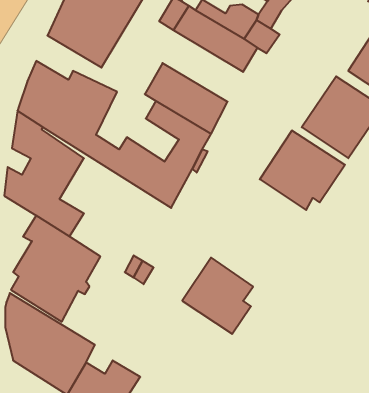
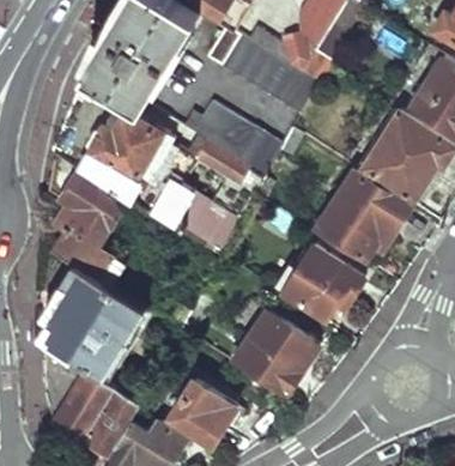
building: none -> [278,242,364,317]
building: none -> [172,381,238,443]

